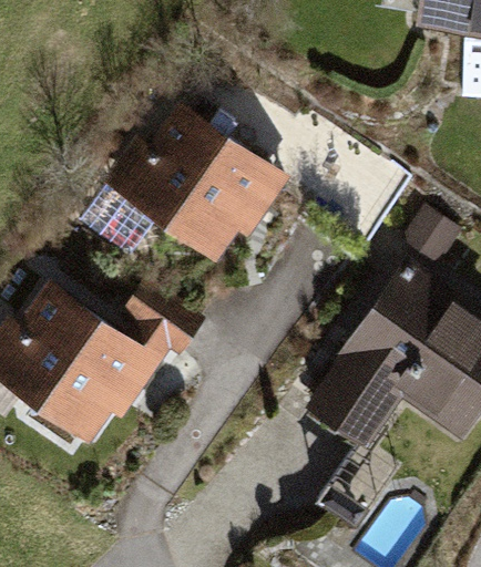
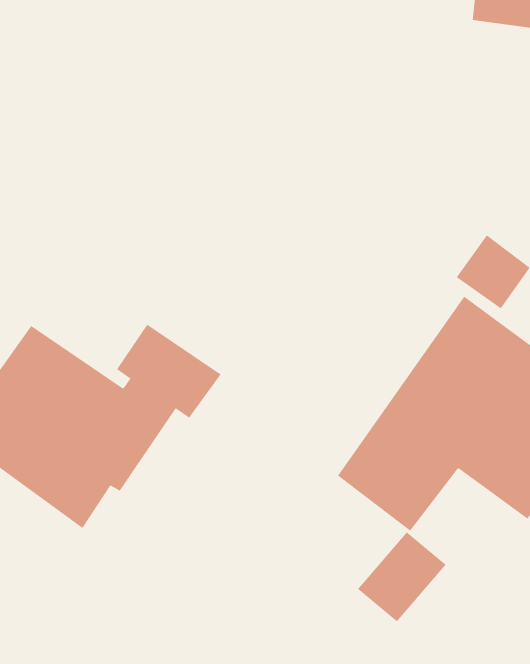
building: [101,100,289,264] -> none

